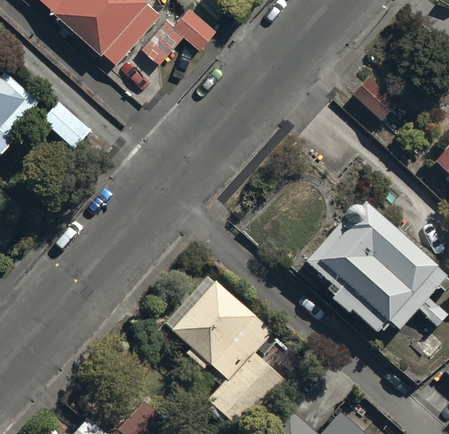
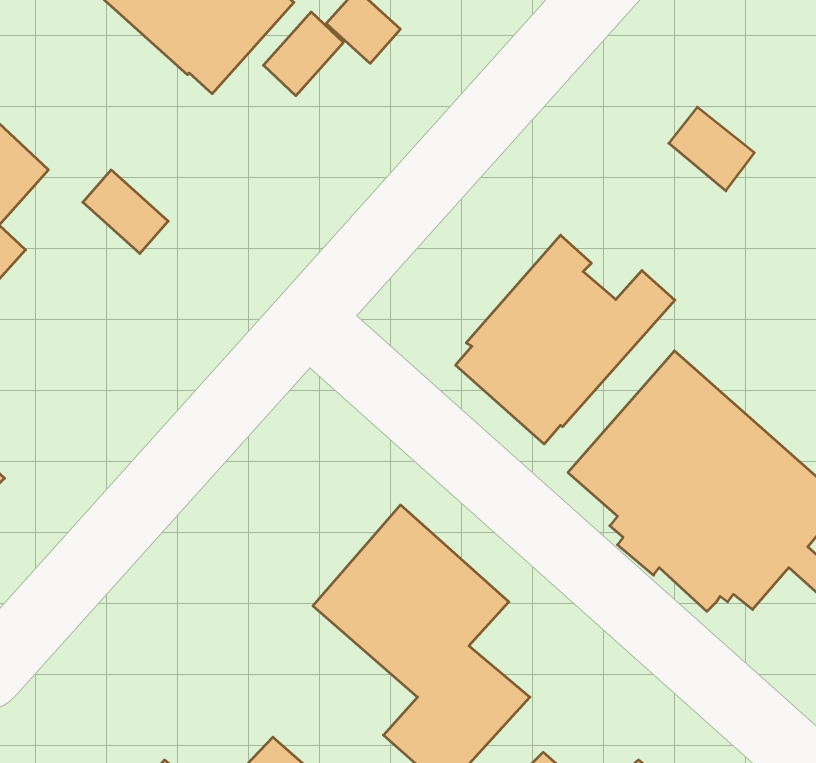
building: none -> [456,235,675,444]

